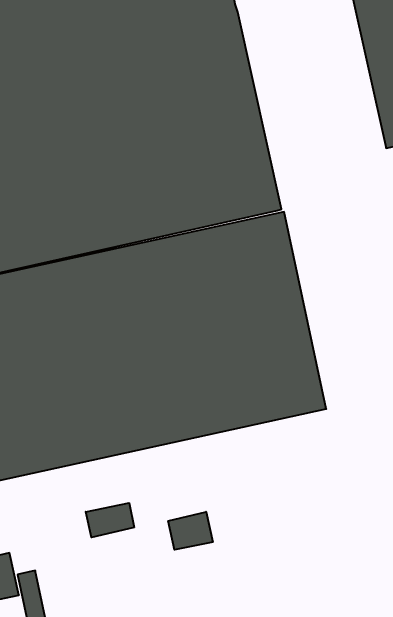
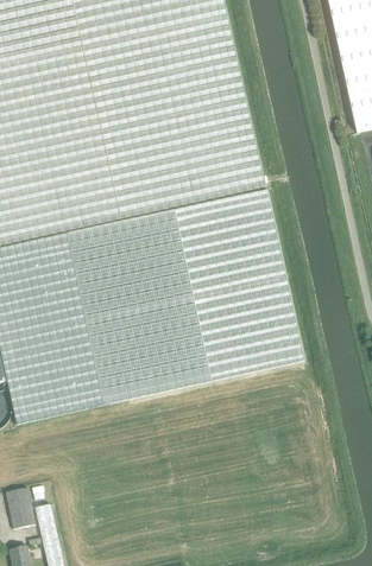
building: [86,503,134,537] -> none
building: [168,512,213,550] -> none

